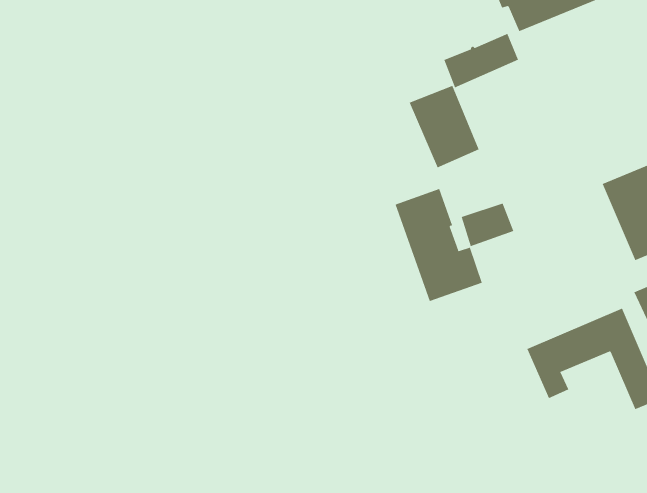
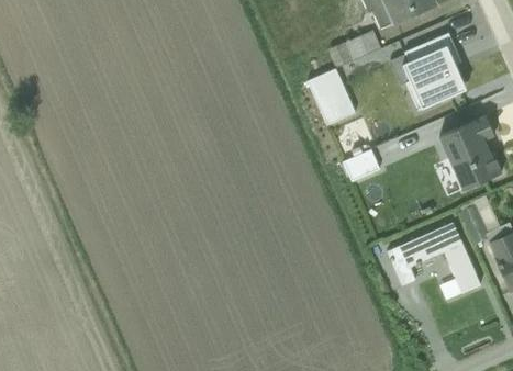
building: none -> [402,33,460,112]
building: [395,188,483,302] -> none

